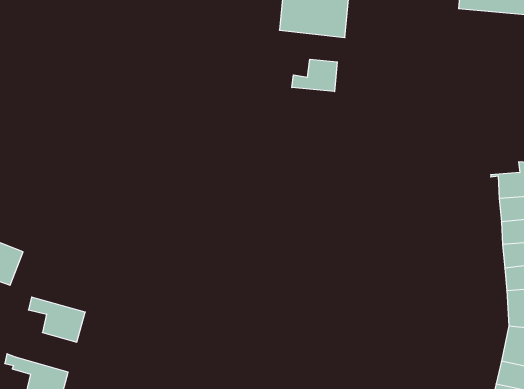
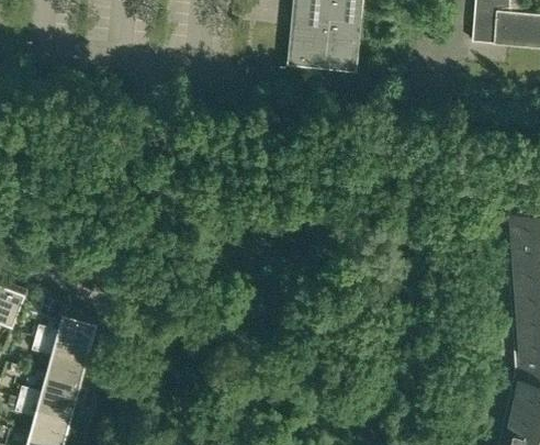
building: [292,59,337,92] -> none
building: none -> [35,313,98,354]
building: none -> [19,375,81,415]

